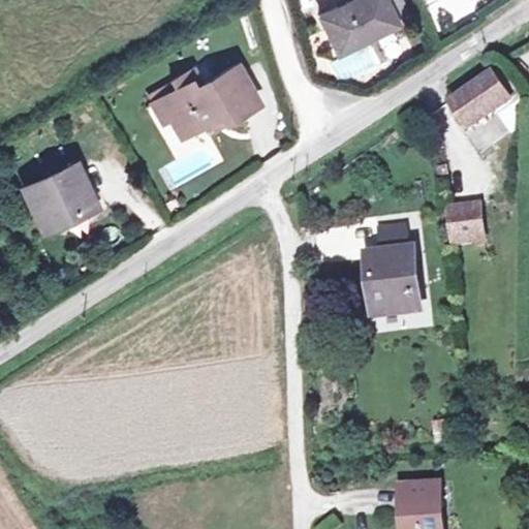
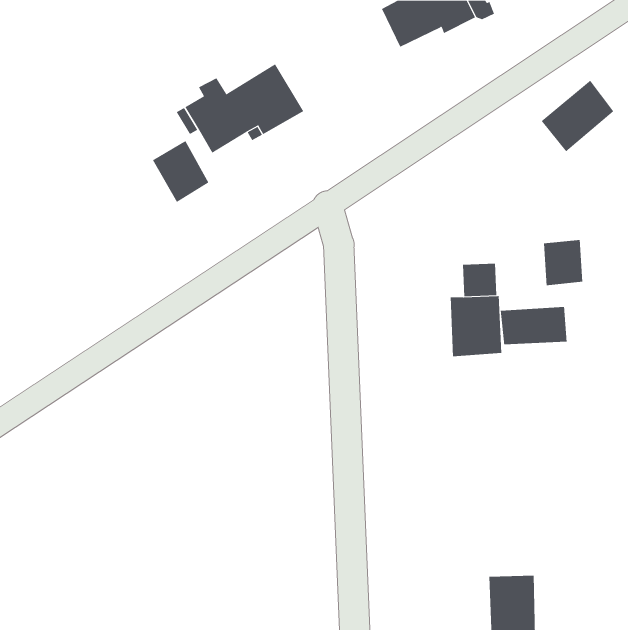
building: none -> [152,140,209,203]
building: [22,170,86,228] -> none
building: none -> [500,306,567,345]

